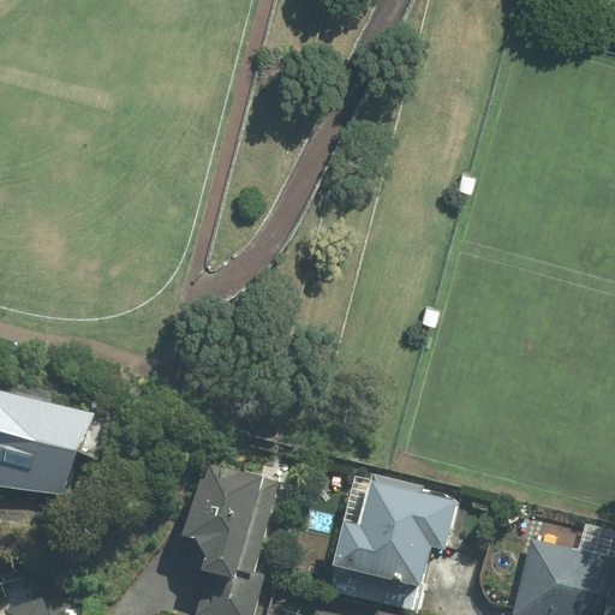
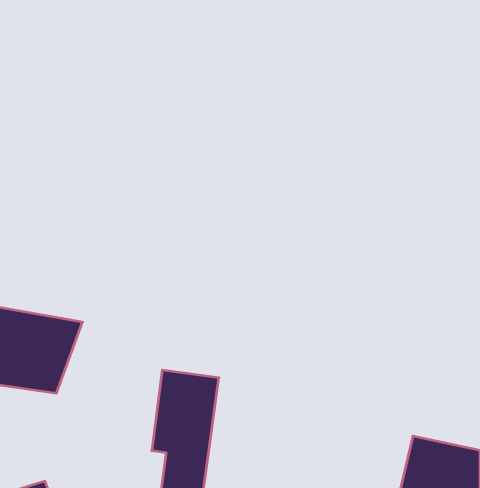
building: [318,491,443,609] -> none

